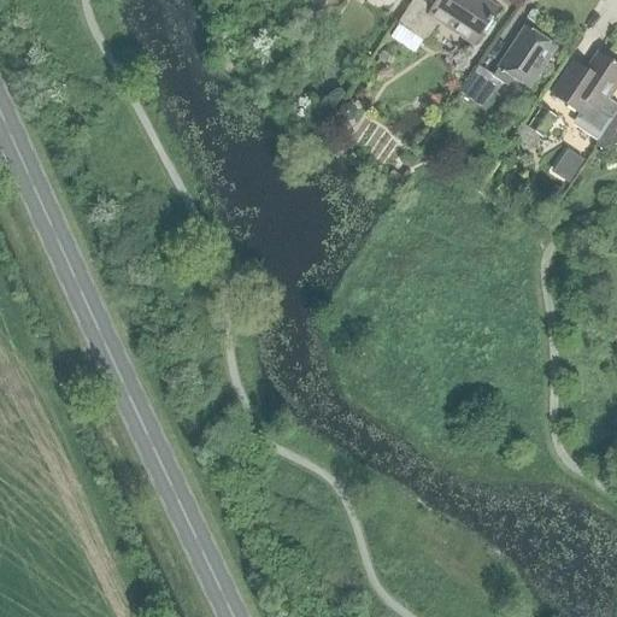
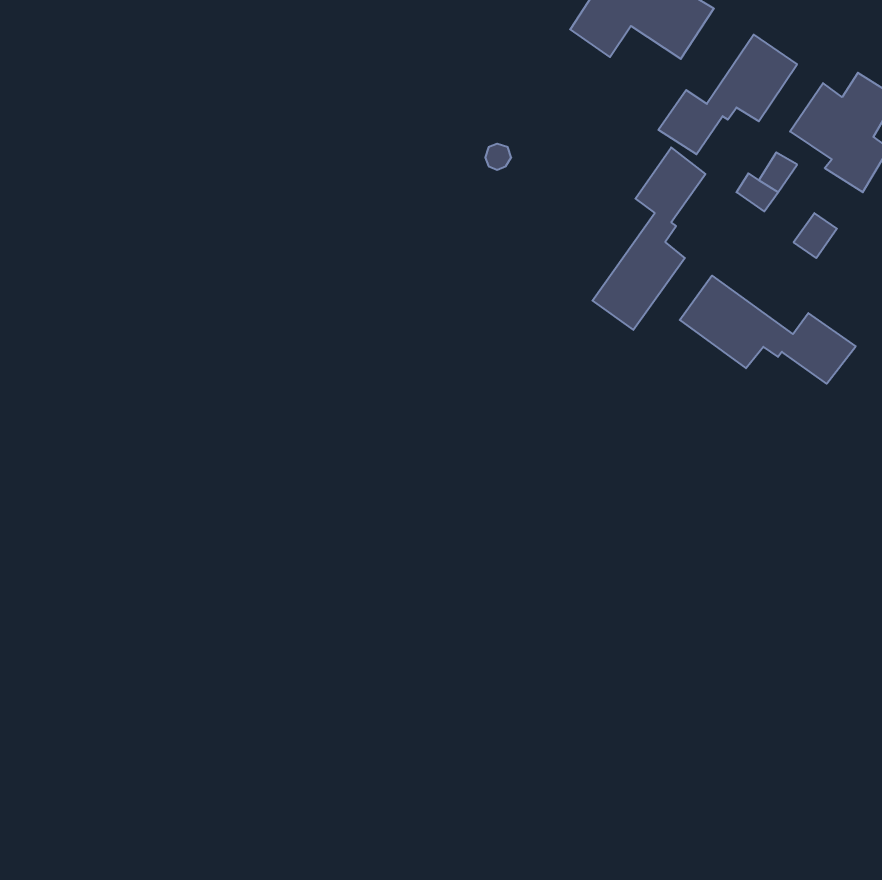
building: none -> [592,147,705,330]
building: none -> [680,276,856,384]

